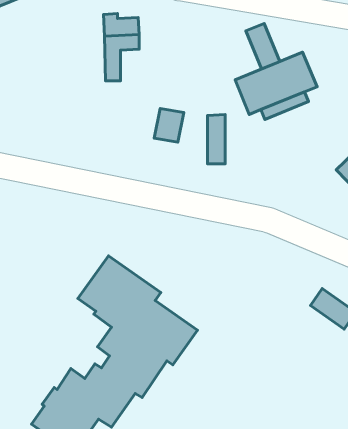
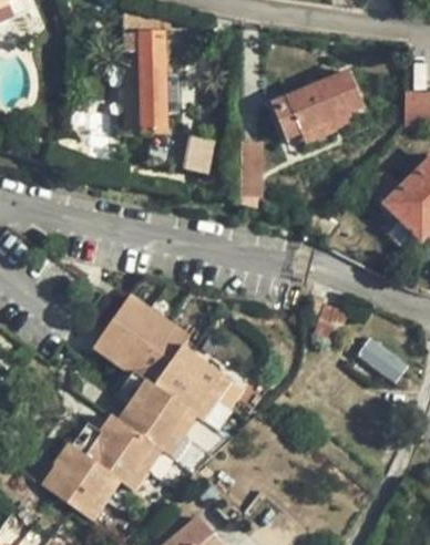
building: [246,23,280,69] -> none
building: none -> [127,66,177,134]

